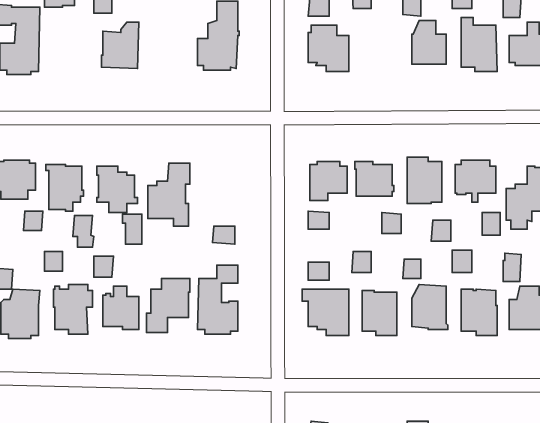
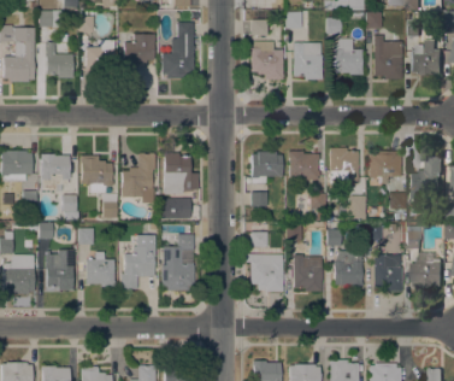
building: none -> [118,33,155,77]
building: none -> [45,43,72,78]
building: none -> [293,43,322,80]
building: none -> [164,153,199,194]

